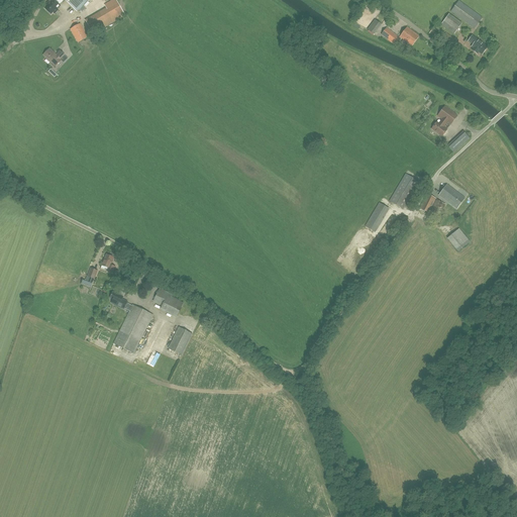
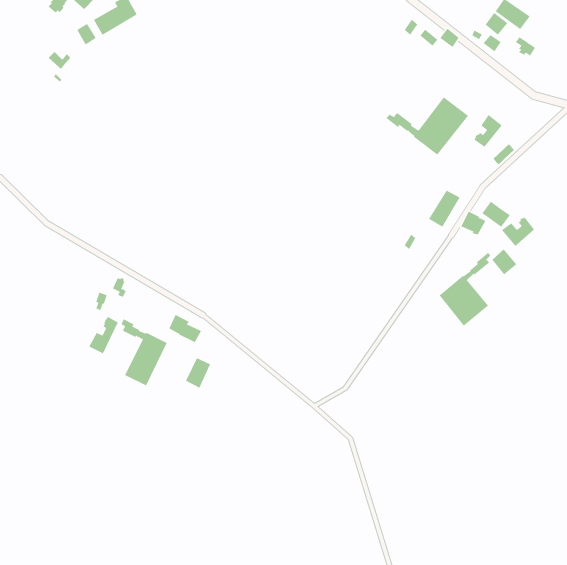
building: none -> [385,96,469,156]
building: none -> [501,217,535,247]
building: none -> [439,252,491,326]
building: none -> [88,316,118,354]

